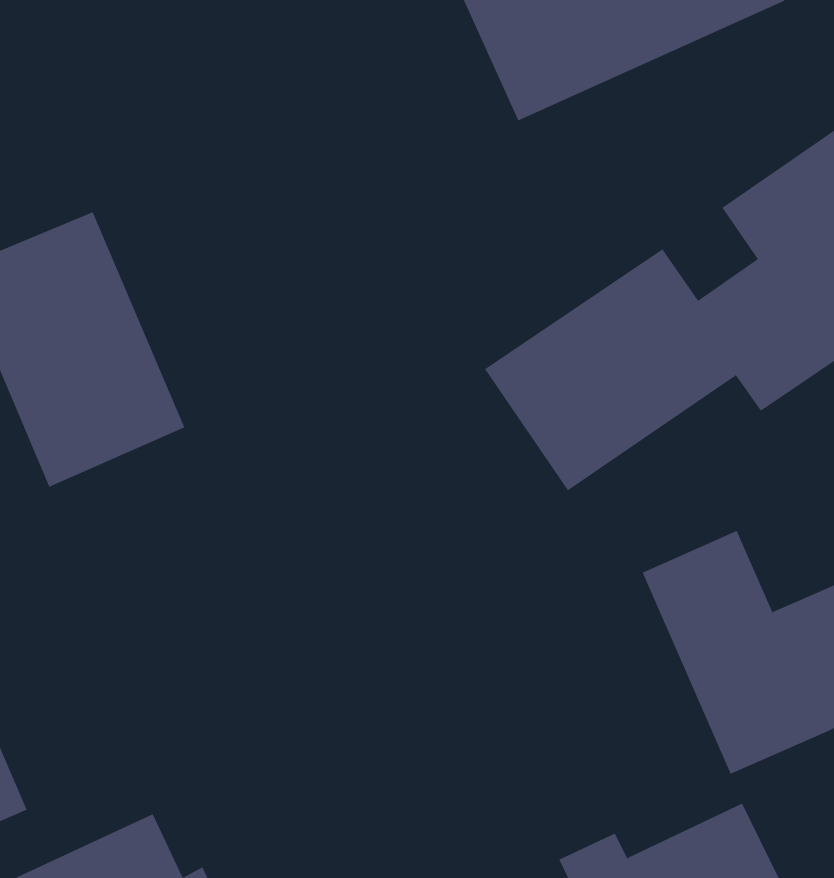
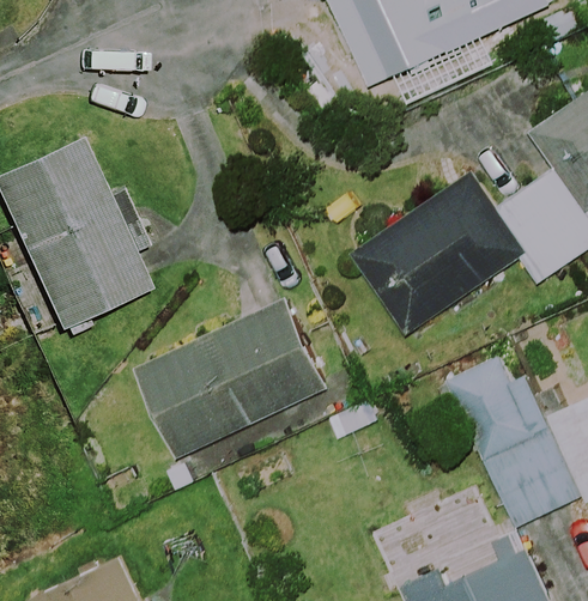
building: none -> [135,303,320,459]

